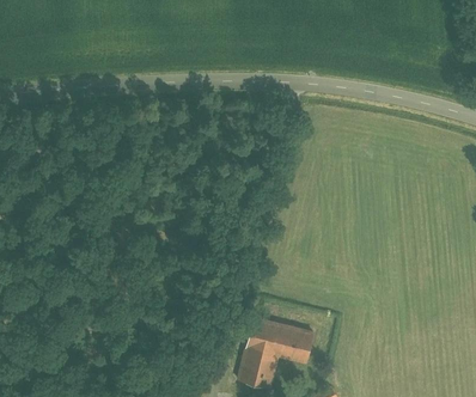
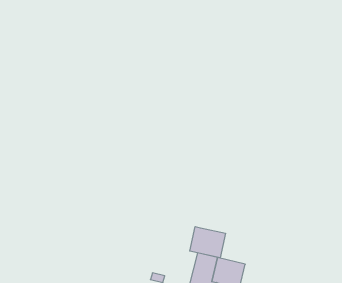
building: none -> [190,227,225,258]

